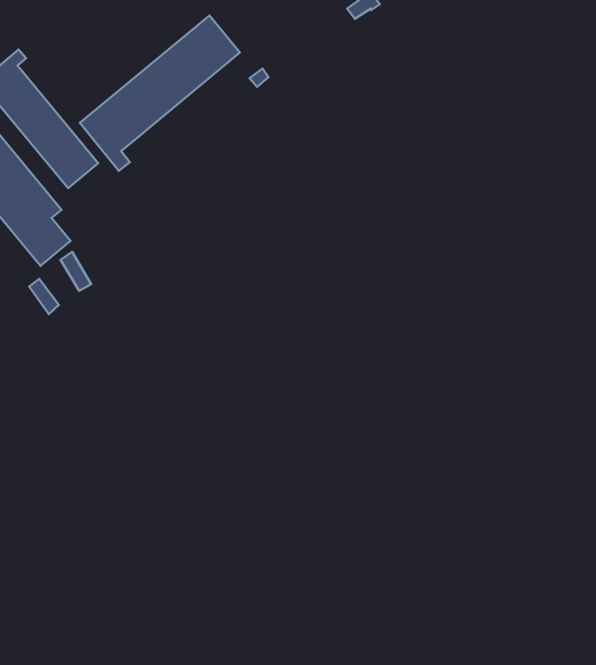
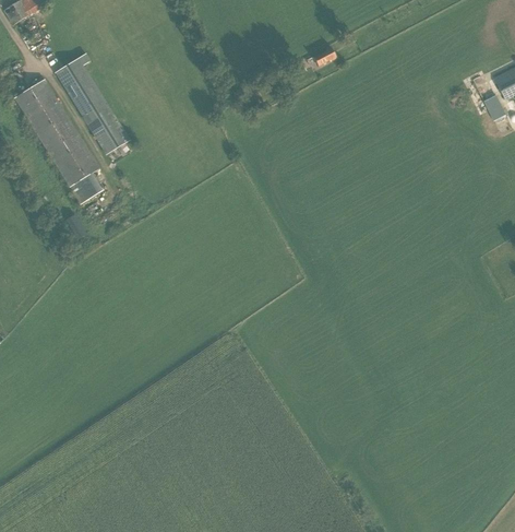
building: [80,15,240,171] -> none

